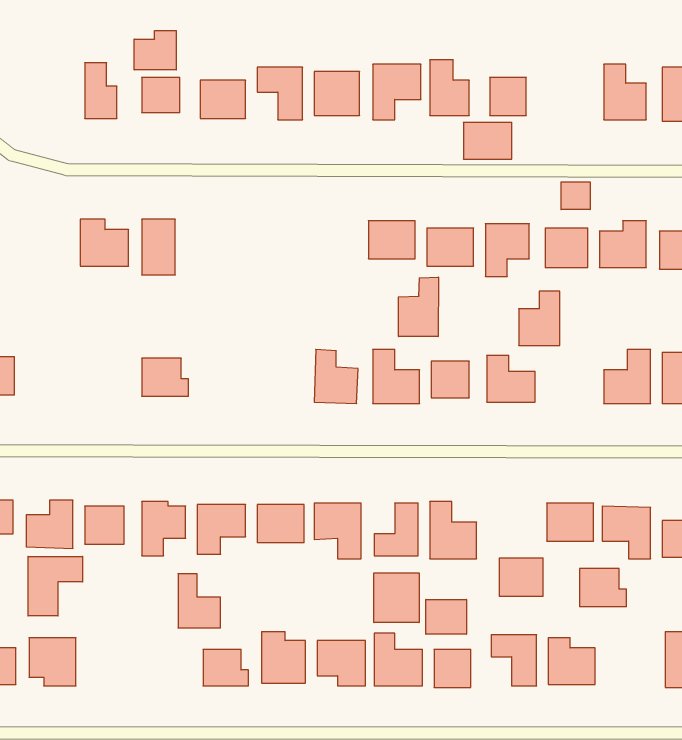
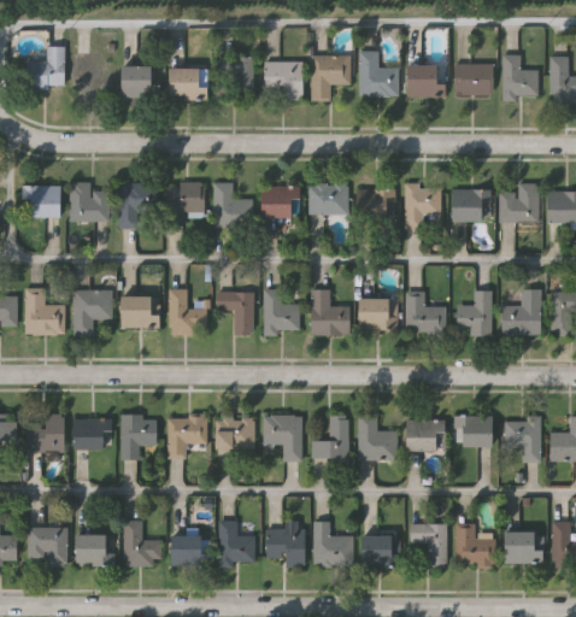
building: [134,31,176,70] -> none
building: none -> [25,46,65,88]
building: [463,122,512,159] -> [454,64,494,94]
building: [561,182,590,210] -> none
building: none -> [167,182,205,225]
building: none -> [213,182,253,228]
building: none -> [23,186,61,217]
building: none -> [264,187,298,217]
building: [398,277,438,337] -> none
building: [519,291,560,345] -> [458,290,492,335]
building: none -> [25,288,65,334]
building: none -> [75,289,112,331]
building: none -> [170,289,207,334]
building: none -> [217,292,253,335]
building: [28,556,83,616] -> none
building: [499,558,543,596] -> [409,419,445,451]
building: [580,569,626,607] -> [505,533,543,564]
building: [374,573,419,623] -> none
building: [178,574,220,628] -> [127,521,161,565]
building: [426,599,466,634] -> none
building: none -> [77,535,107,565]

